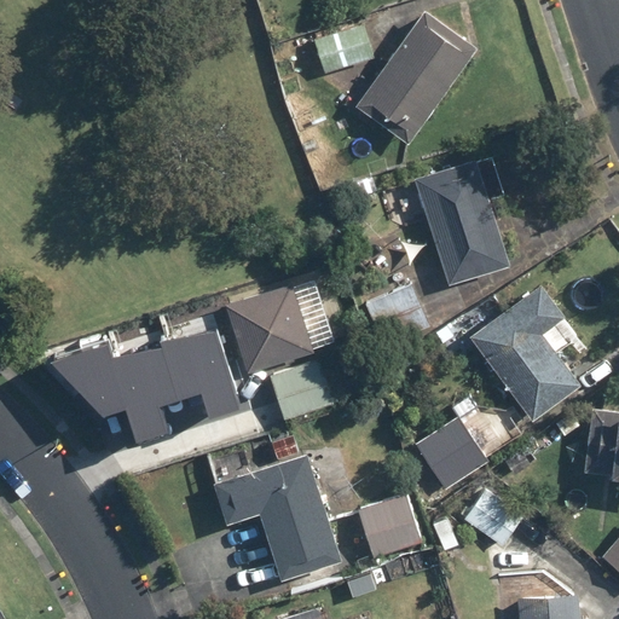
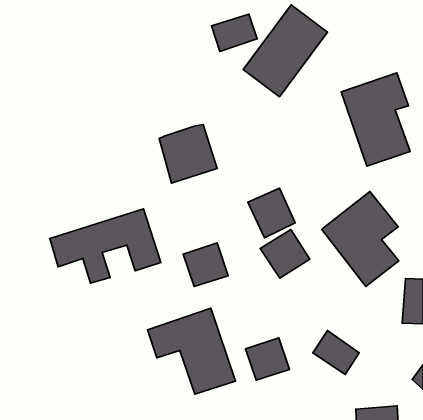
building: [411,152,511,289] -> [341,73,410,166]
building: [225,284,310,370] -> [159,124,217,183]
building: [416,420,488,491] -> [260,229,310,278]

